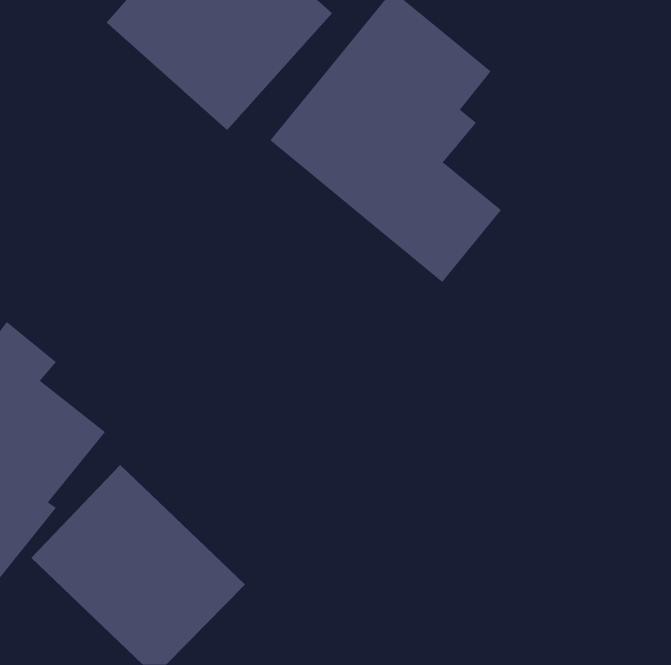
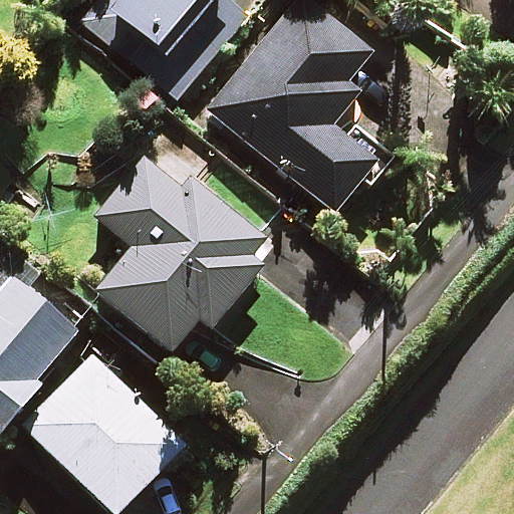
building: none -> [95,157,269,351]

